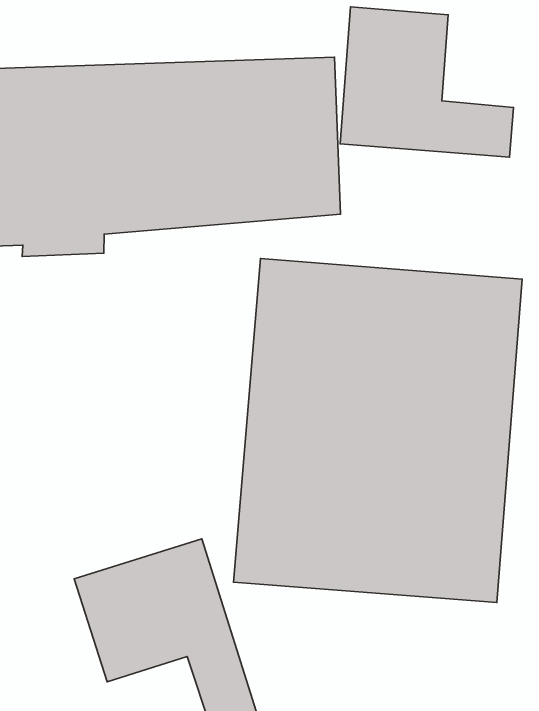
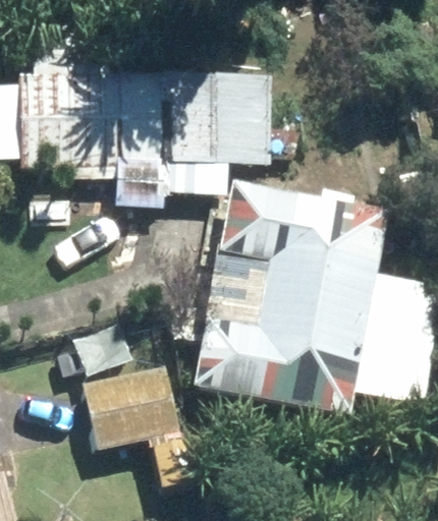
building: [340,7,513,157] -> none

